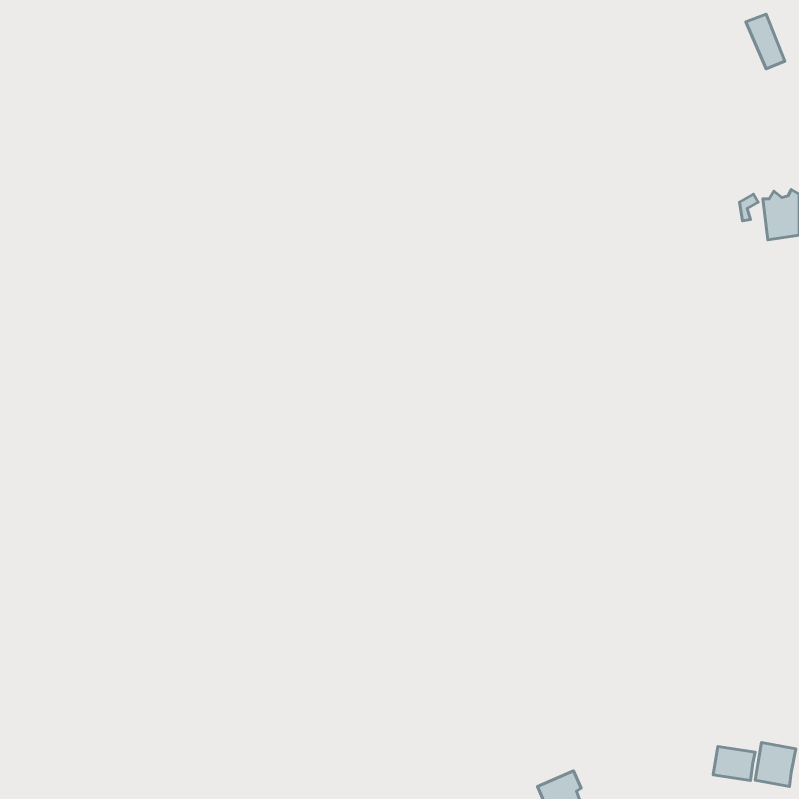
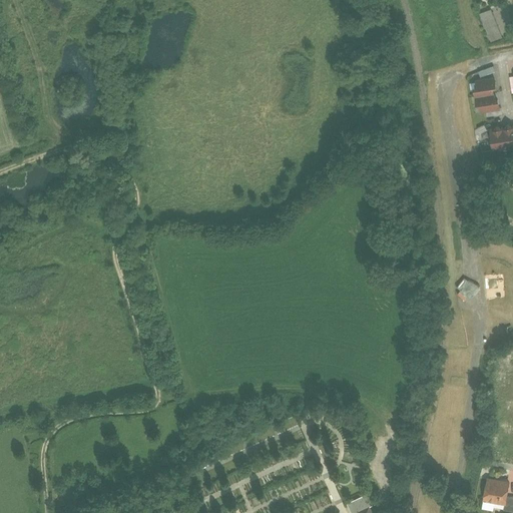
building: none -> [472,76,499,114]
building: [713,746,755,781] -> none

